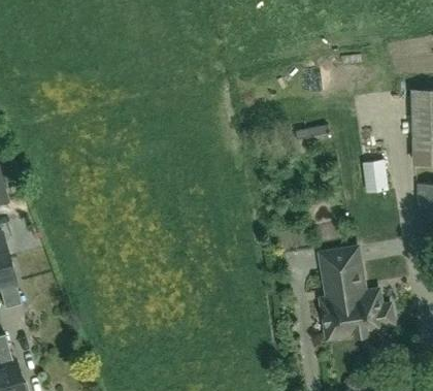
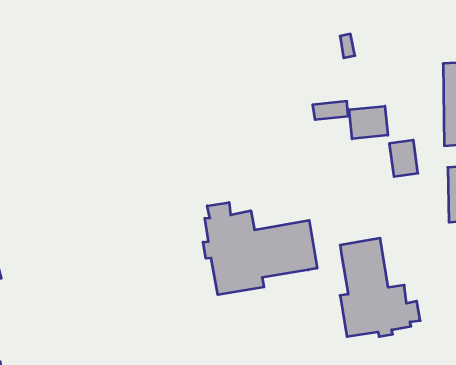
building: none -> [349,106,388,139]
building: none -> [203,202,317,295]

